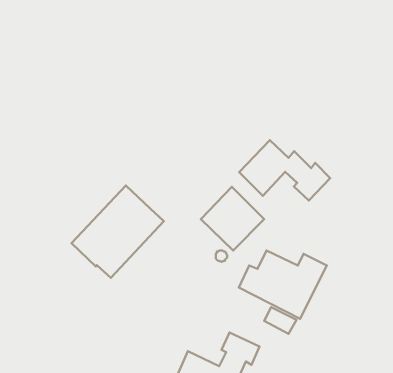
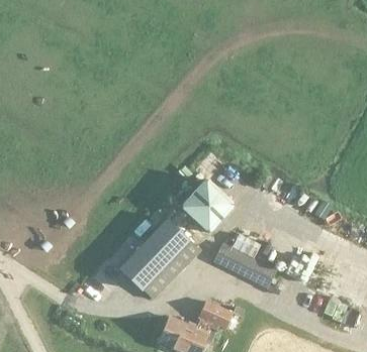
building: [239,140,330,201] -> none
building: [71,185,164,278] -> [116,219,197,300]

